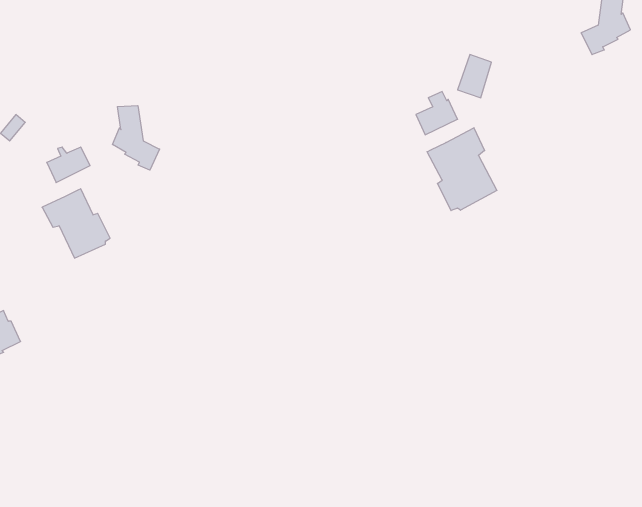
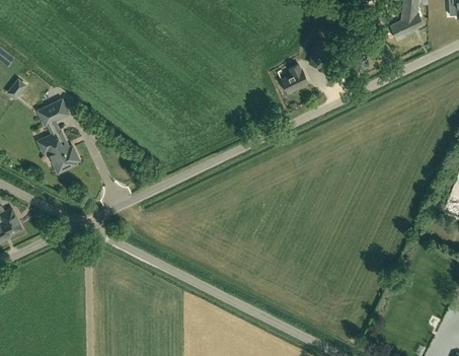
building: [113,106,160,170] -> none
building: [427,128,497,211] -> none

